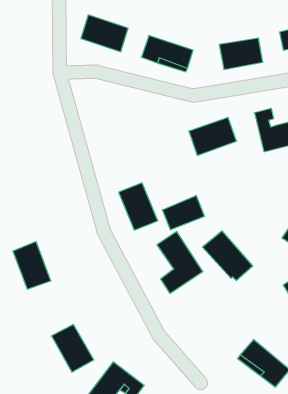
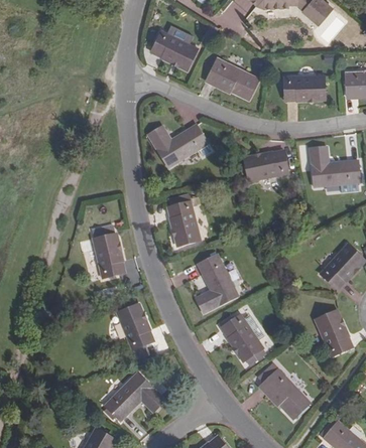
building: none -> [147,124,209,168]
building: [162,195,205,230] -> none
building: [203,231,253,281] -> [220,314,266,364]
building: [13,242,51,289] -> [93,233,126,278]
building: [51,325,94,372] -> [117,304,155,350]

